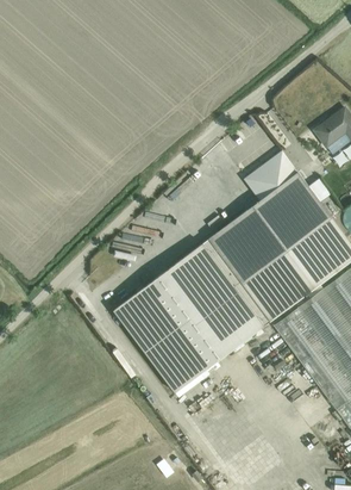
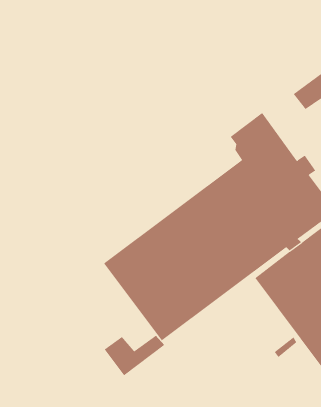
building: none -> [104,335,165,376]

